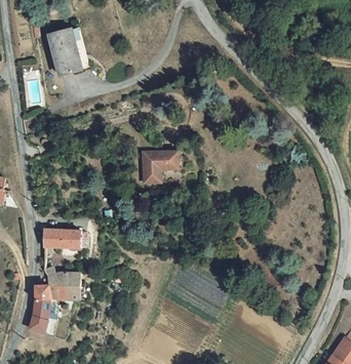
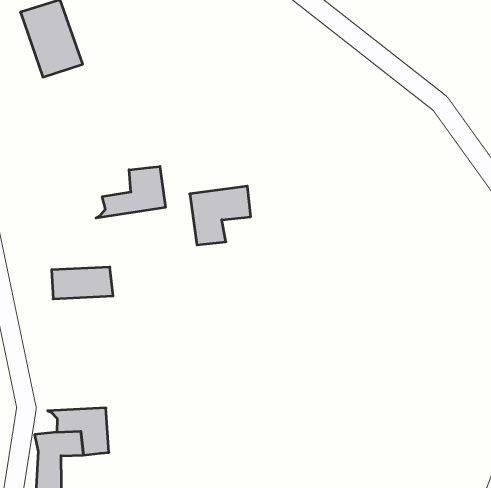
building: none -> [96,166,165,218]
building: [43,230,79,249] -> [52,267,113,299]

